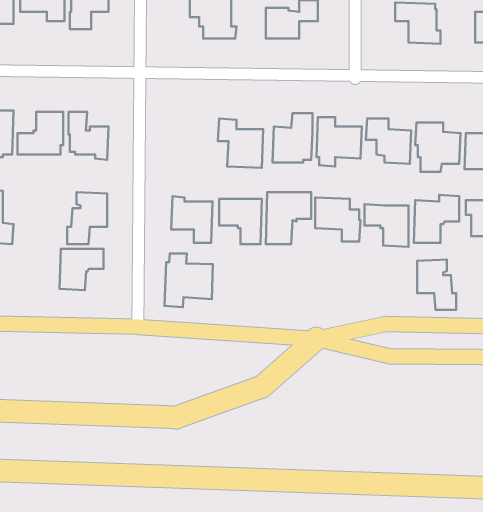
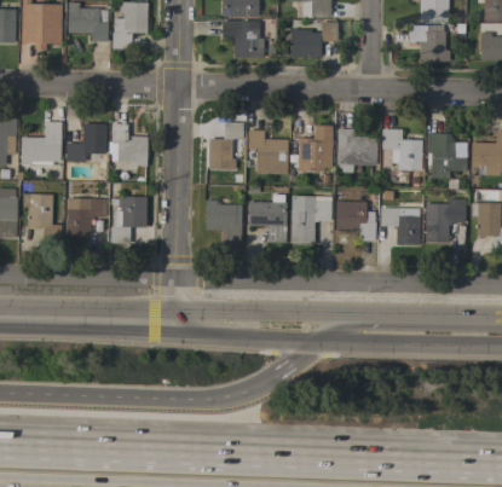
building: none -> [207,123,243,169]
building: [60,249,104,290] -> [67,198,106,236]
building: [164,253,213,307] -> none
building: [417,259,456,310] -> none

